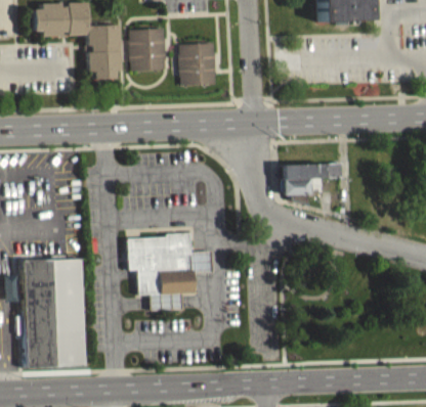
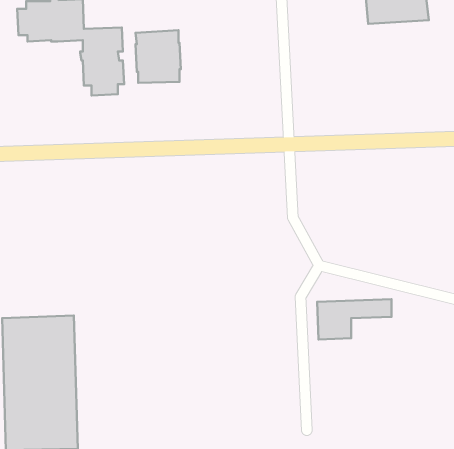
building: [181,41,218,83] -> none
building: [281,169,341,201] -> [317,299,392,339]
building: [128,231,214,310] -> none

